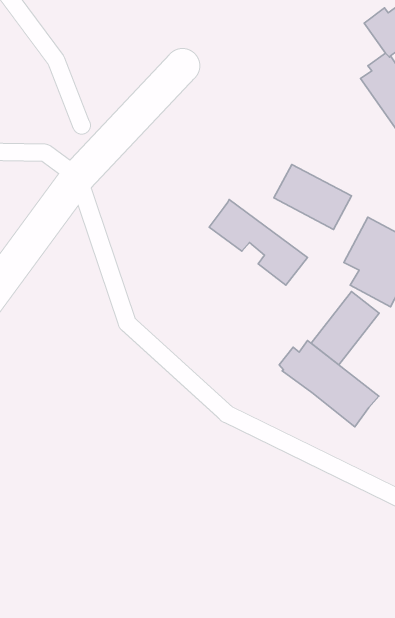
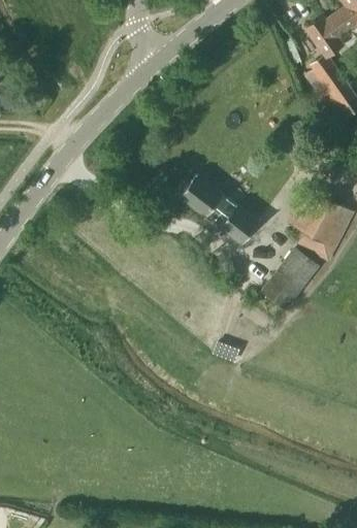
building: [274,164,351,229] -> none
building: [279,340,379,427] -> none

